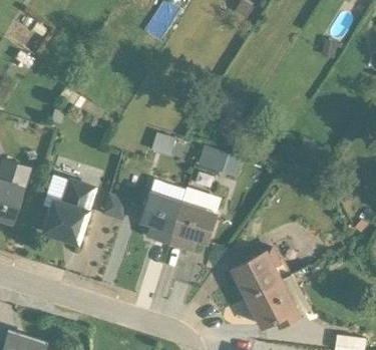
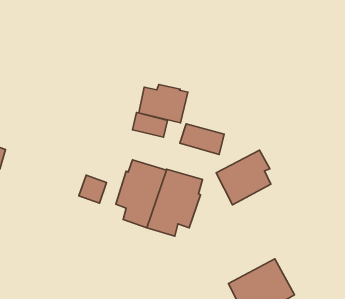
building: none -> [139,84,188,123]
building: [40,177,96,246] -> none
building: [232,247,285,300] -> [216,150,271,205]

